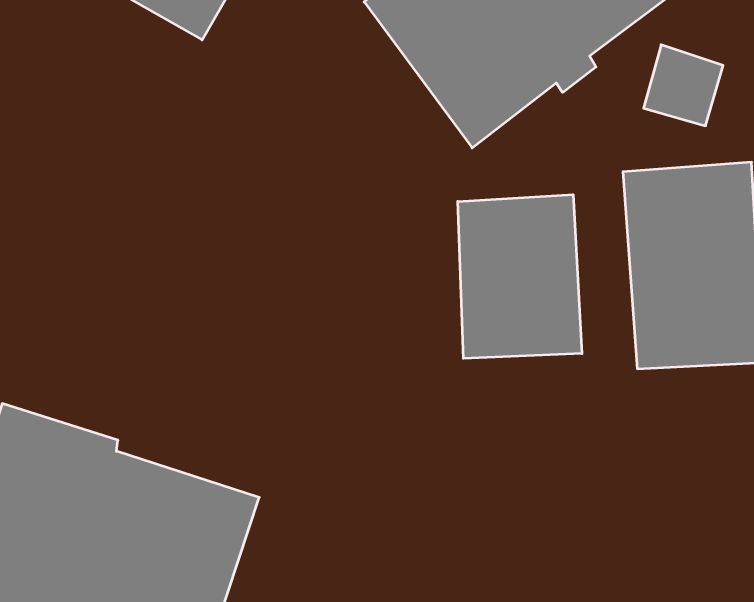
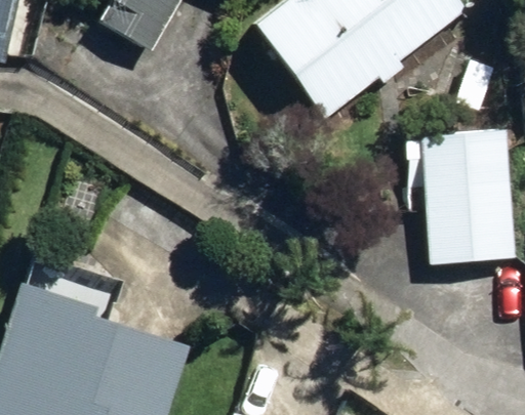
building: [458,195,582,358] -> none

